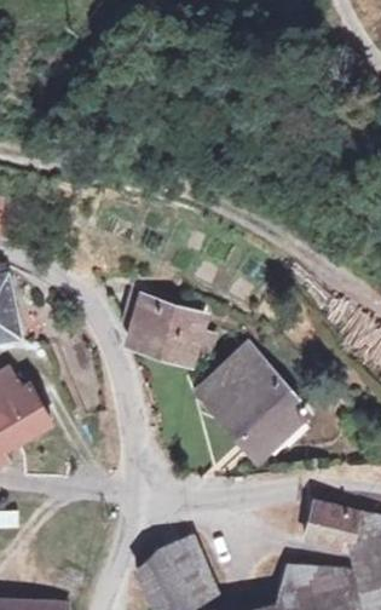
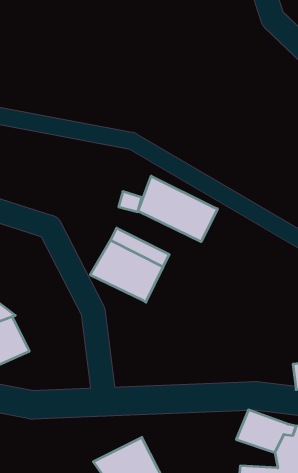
building: none -> [138,176,217,242]
building: [200,359,301,462] -> none

